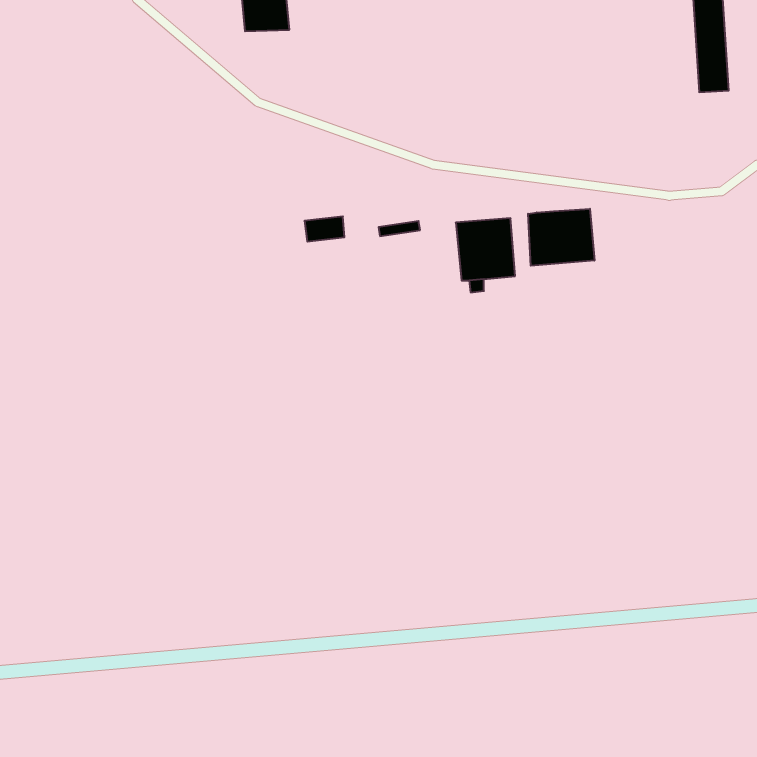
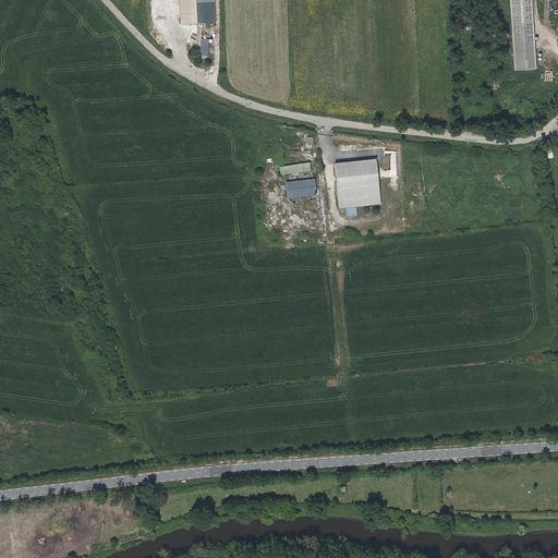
building: [528,209,594,266] -> none
building: [304,216,344,242] -> [284,179,314,197]

